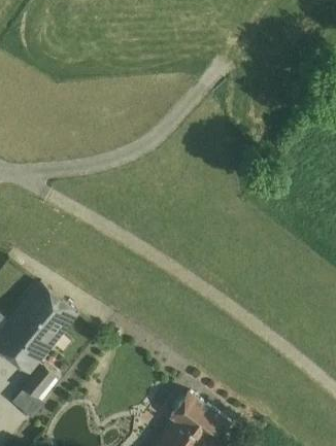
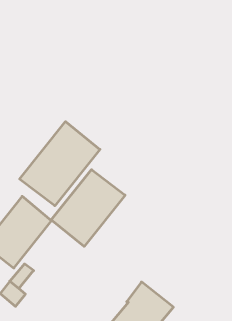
building: none -> [20,122,100,206]
building: none -> [51,170,125,246]

